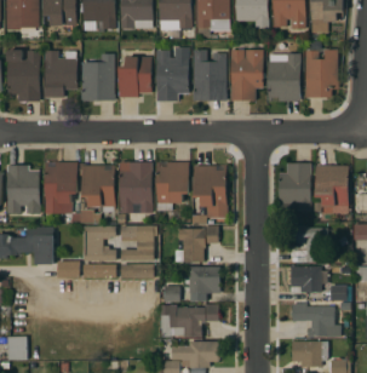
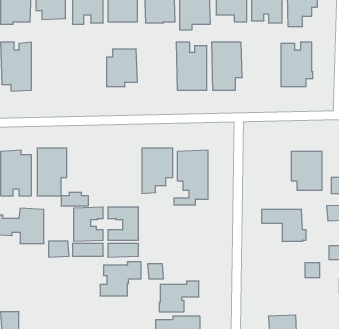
building: [155,47,189,102] -> none
building: [44,51,76,98] -> none
building: [81,53,114,101] -> none
building: [268,53,300,102] -> none
building: [119,162,151,213] -> none
building: [279,162,310,212] -> none
building: [81,165,114,212] -> none
building: [174,225,218,262] -> [100,262,141,296]
building: [189,266,219,293] -> none
building: [292,266,321,292] -> none
building: [292,303,340,337] -> none

